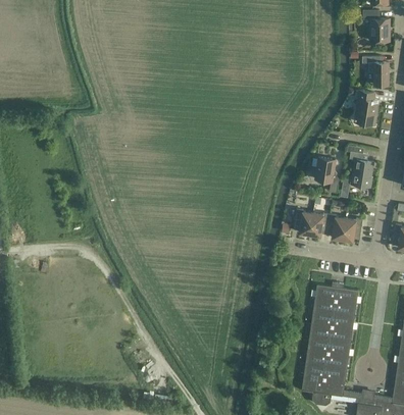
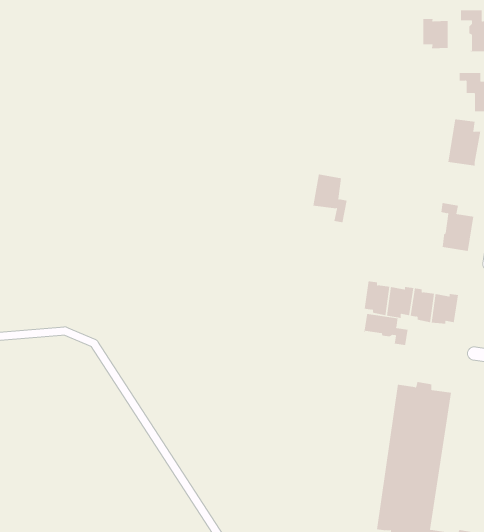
building: none -> [423,18,448,49]
building: [313,157,339,193] -> [313,174,347,223]
building: none -> [364,313,408,346]

